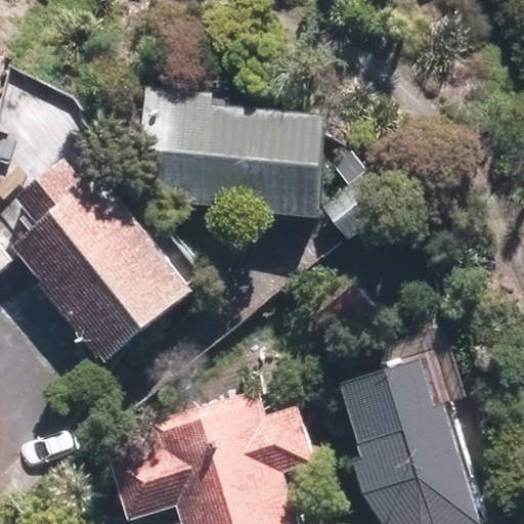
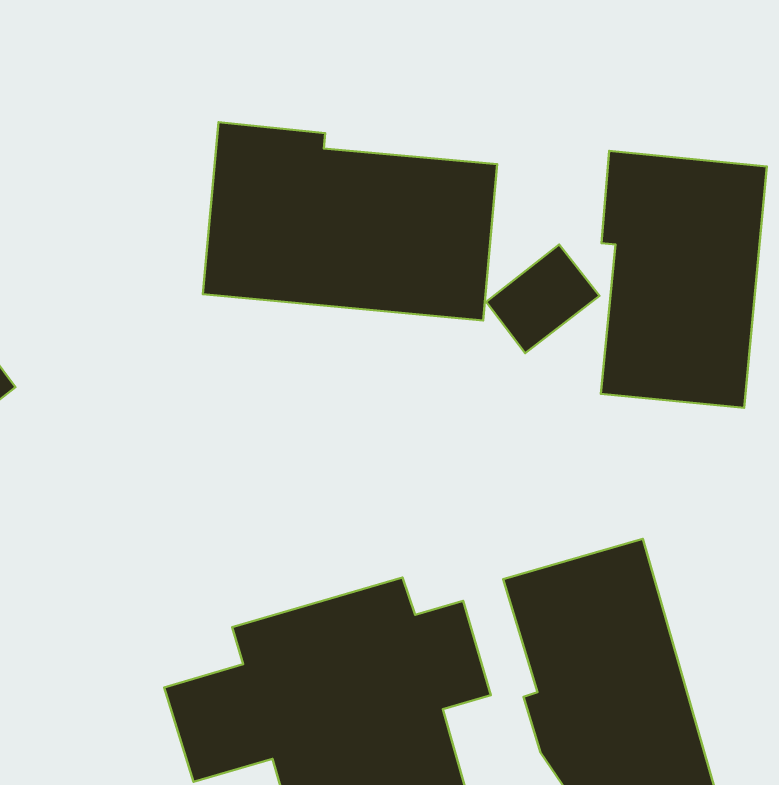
building: none -> [601,151,767,408]
building: [13,156,201,366] -> none

